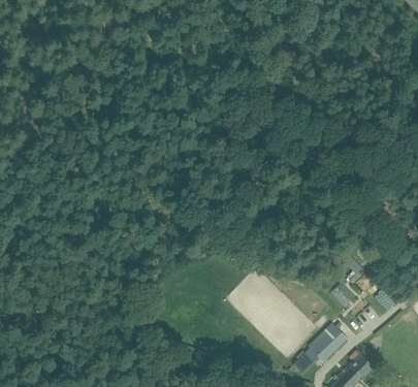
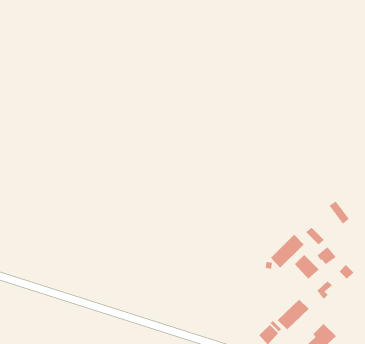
building: none -> [270,234,304,269]

